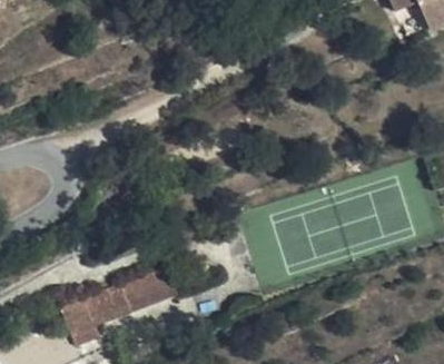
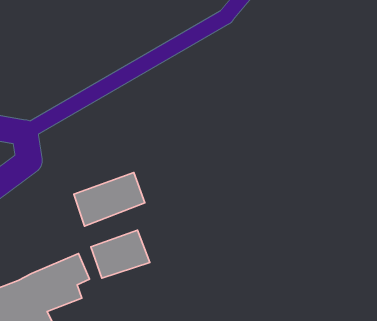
building: none -> [74,173,145,226]

